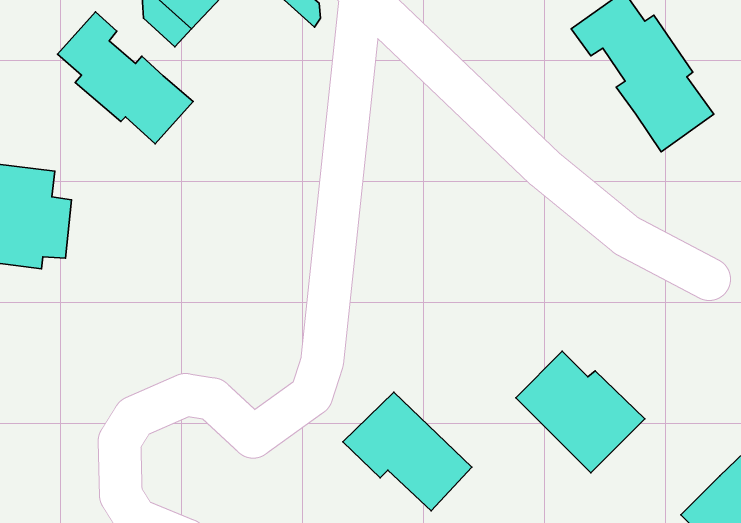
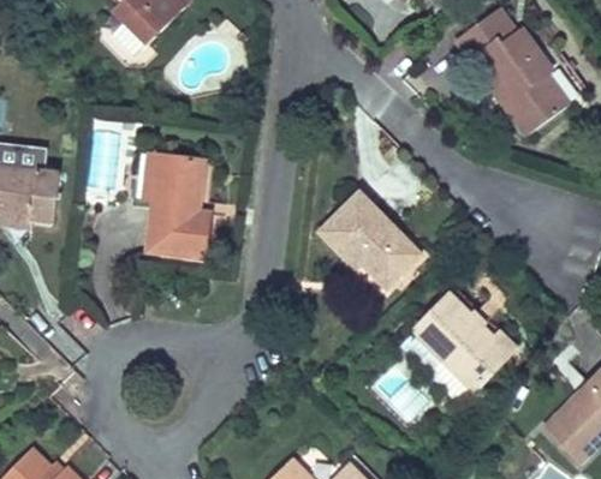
building: [57,12,193,144] -> none
building: none -> [136,155,206,257]
building: [343,392,472,511] -> [316,192,419,287]

